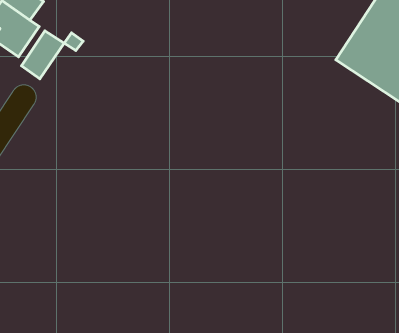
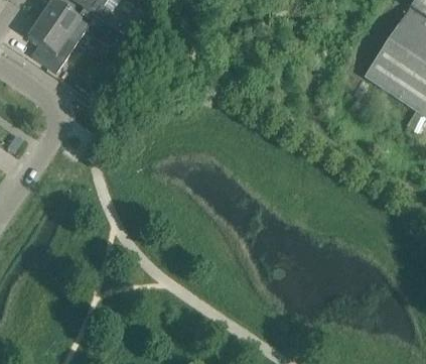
building: [22,31,64,79] -> none

